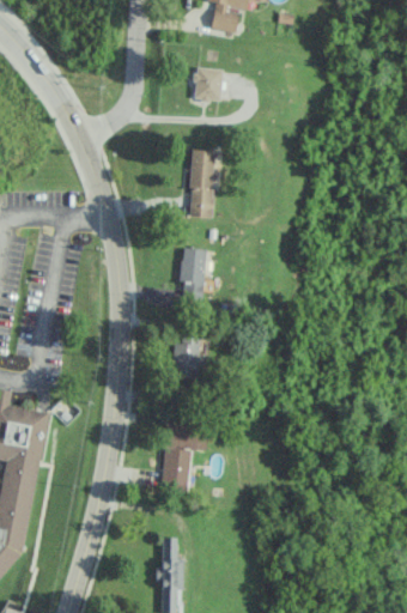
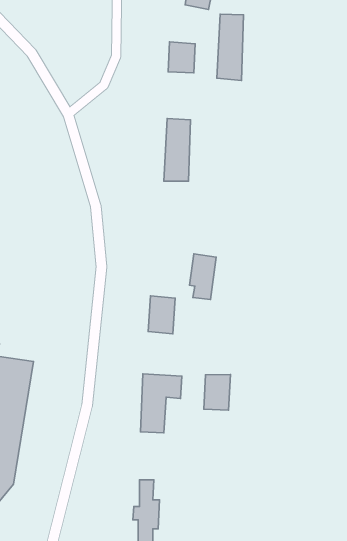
building: none -> [217,14,244,80]
building: [178,247,207,296] -> [189,254,216,300]
building: none -> [204,375,230,410]

